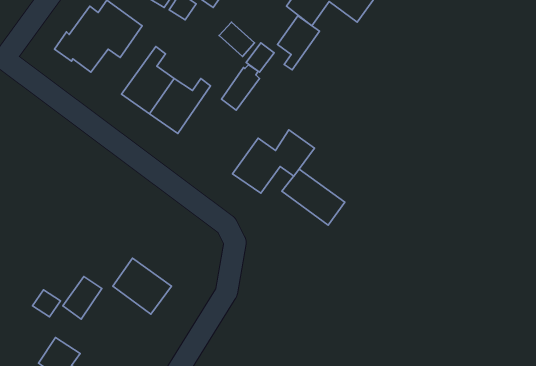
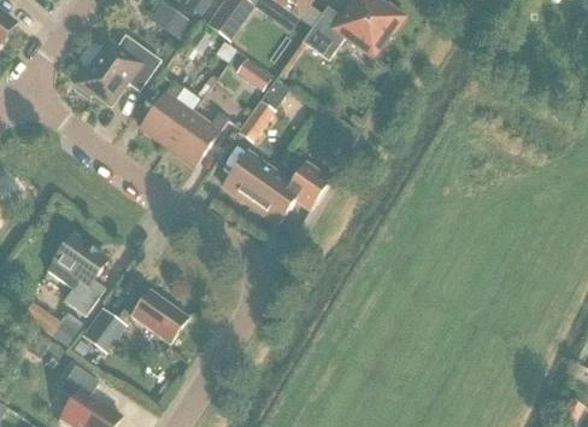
building: [277,16,320,70] -> none
building: none -> [222,151,275,205]
building: [282,169,345,225] -> none
building: none -> [47,234,107,315]

